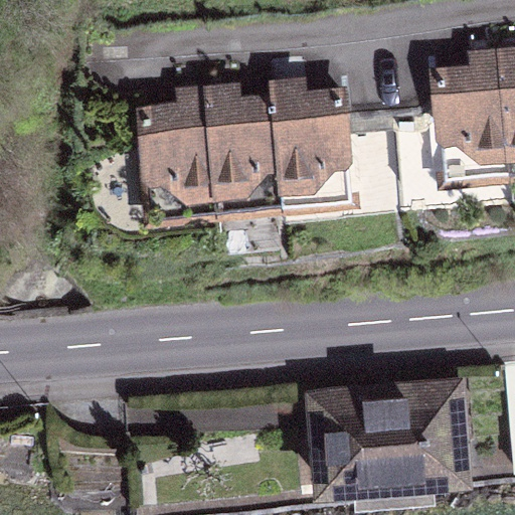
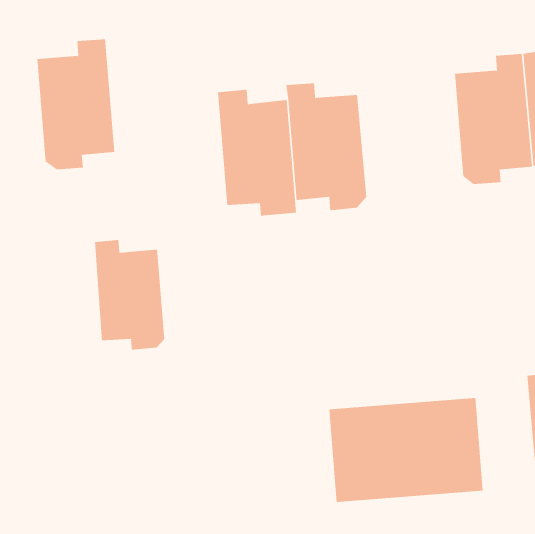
building: [143,89,218,214] -> [36,39,115,170]
building: none -> [94,239,165,350]

